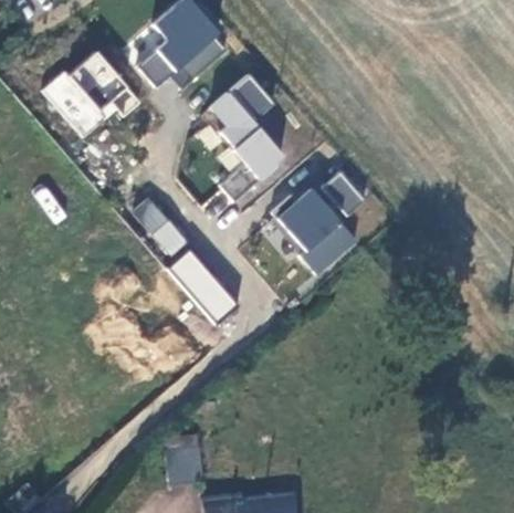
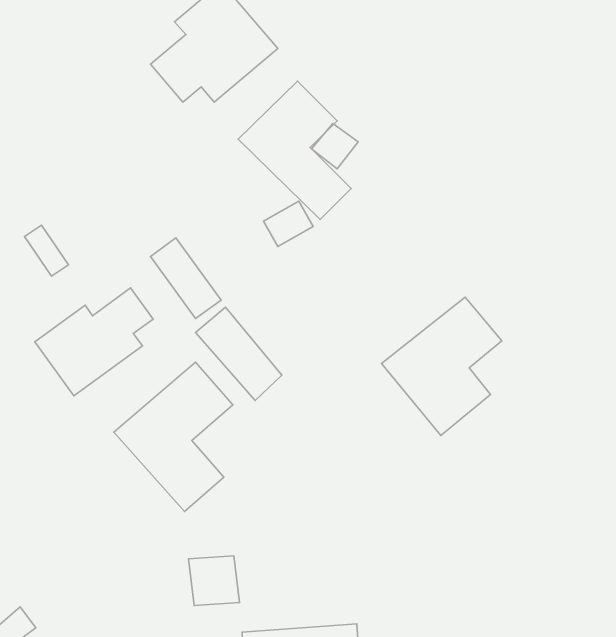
building: [42,48,138,144] -> none
building: [272,166,366,274] -> [382,297,502,435]
building: none -> [35,288,153,396]
building: none -> [114,362,233,512]

